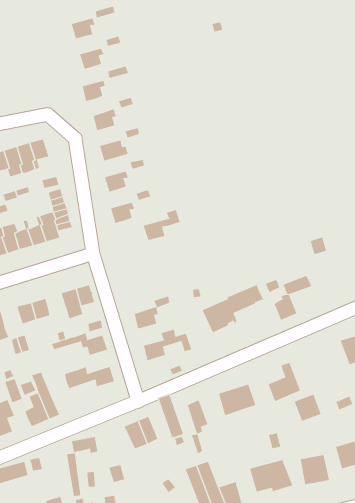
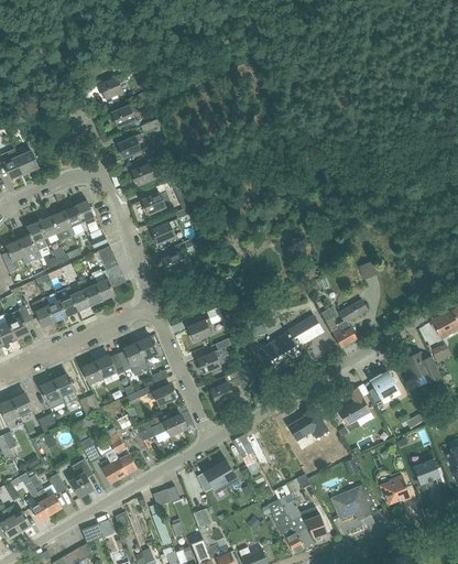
building: [143,209,180,241] -> [187,307,223,341]
building: [294,394,321,422] -> [368,372,396,401]
building: [187,399,208,454] -> none

